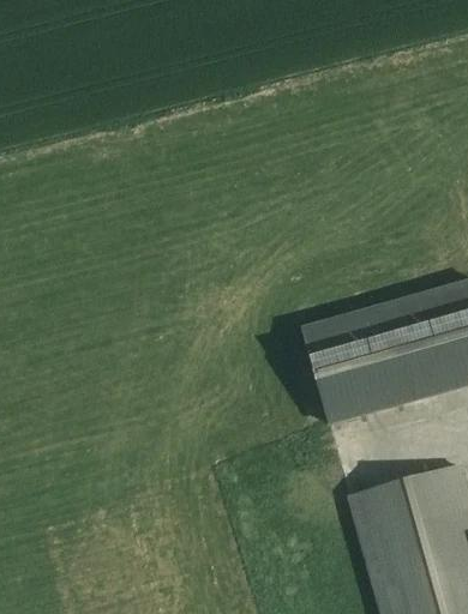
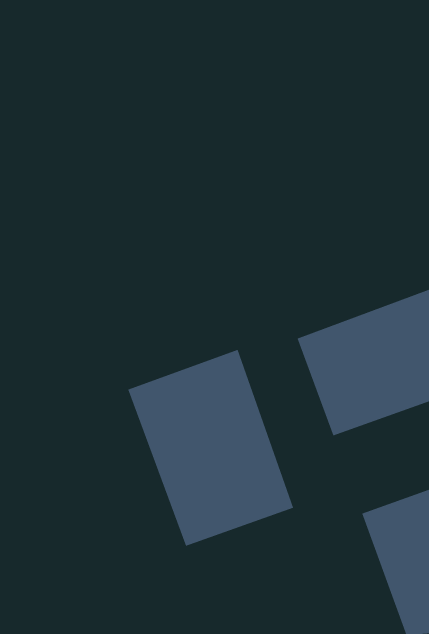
building: none -> [127,349,294,547]

